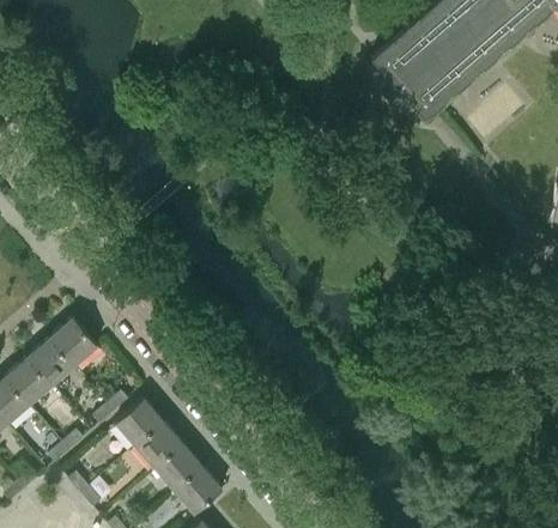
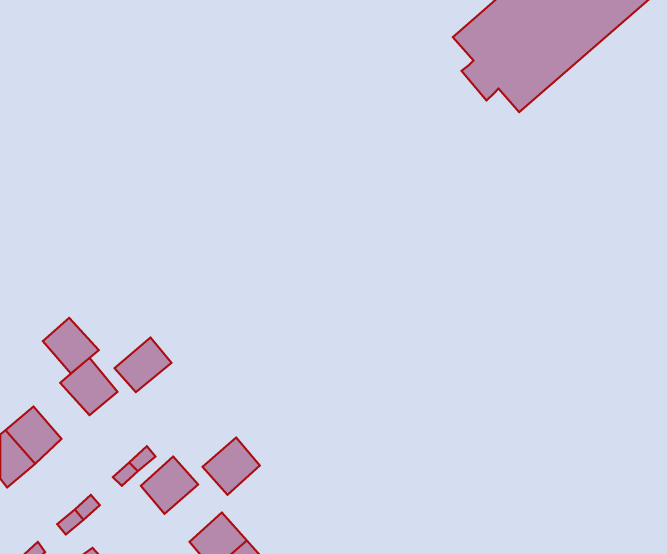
building: none -> [115,337,172,392]
building: [29,339,74,384] -> [43,318,99,374]
building: [135,421,182,468] -> [202,437,260,495]

